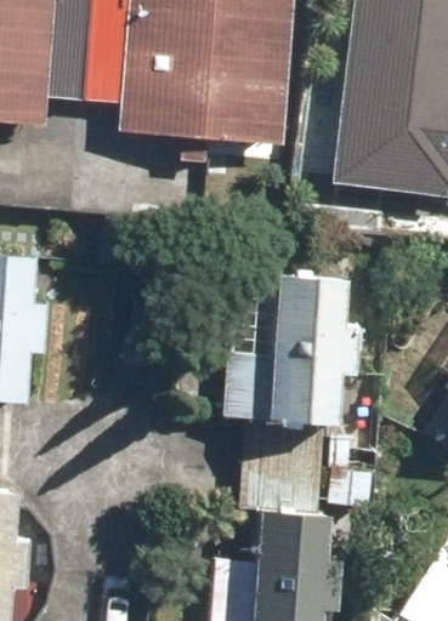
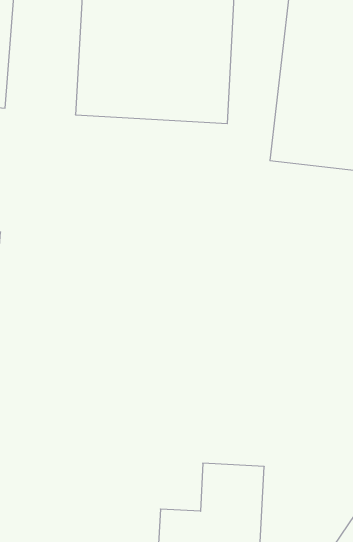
building: [221,272,345,421] -> none

